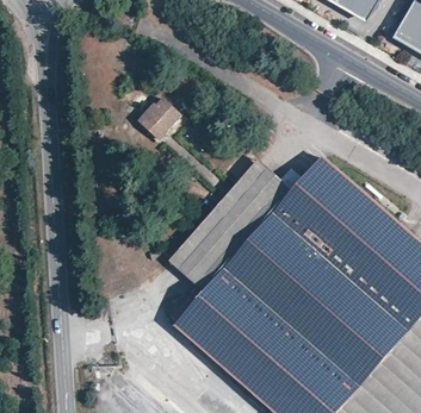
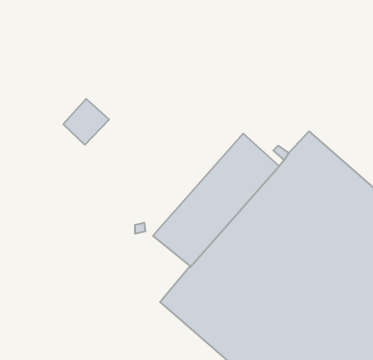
building: [138,96,184,142] -> [63,99,109,145]

